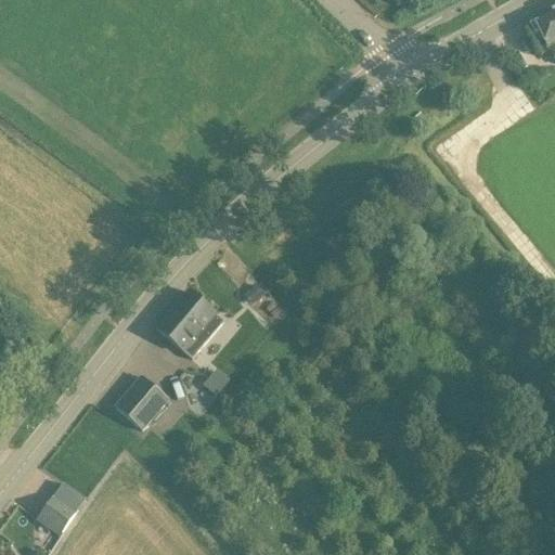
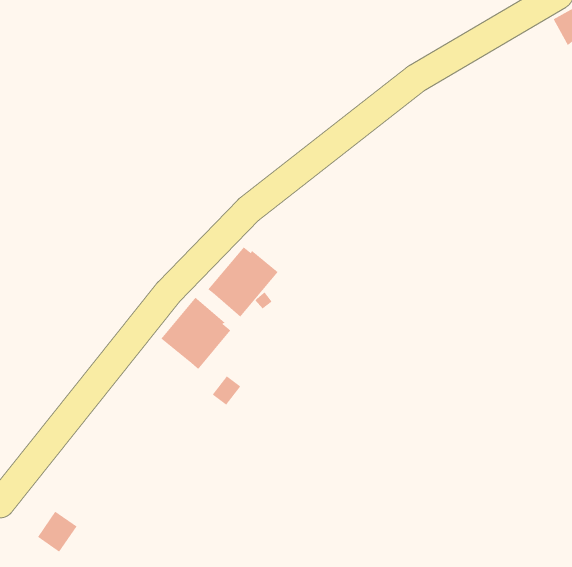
building: none -> [207,247,279,317]
building: [116,374,169,428] -> none

